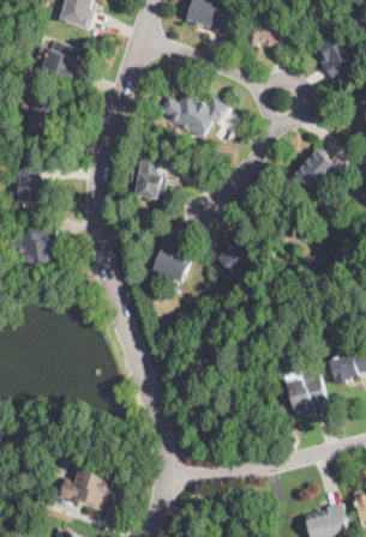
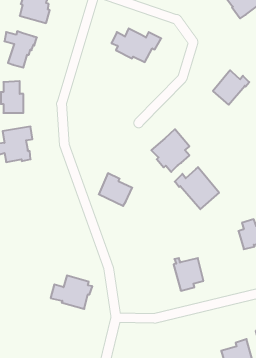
building: [127,153,166,199] -> none
building: [149,240,193,283] -> [99,173,132,206]
building: none -> [175,167,219,209]
building: [284,374,324,417] -> [174,258,203,291]
building: [56,465,112,509] -> [51,275,92,309]

